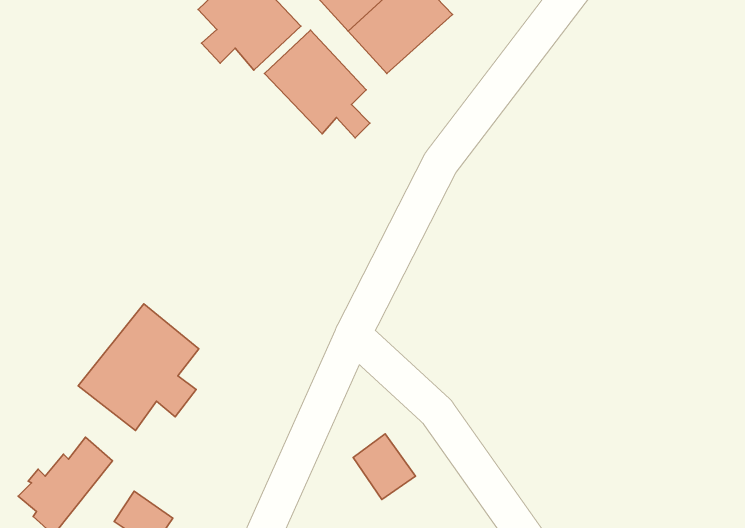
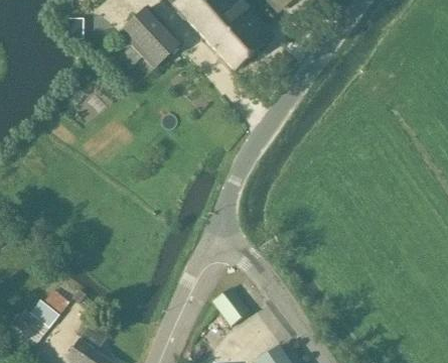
building: [264,30,370,138] -> none
building: [78,304,199,431] -> none

